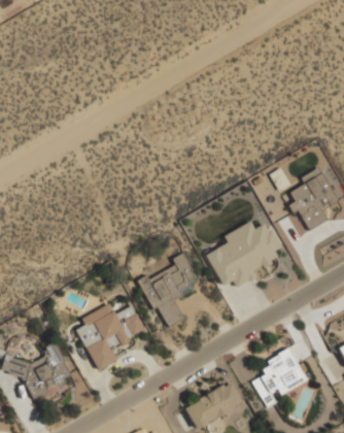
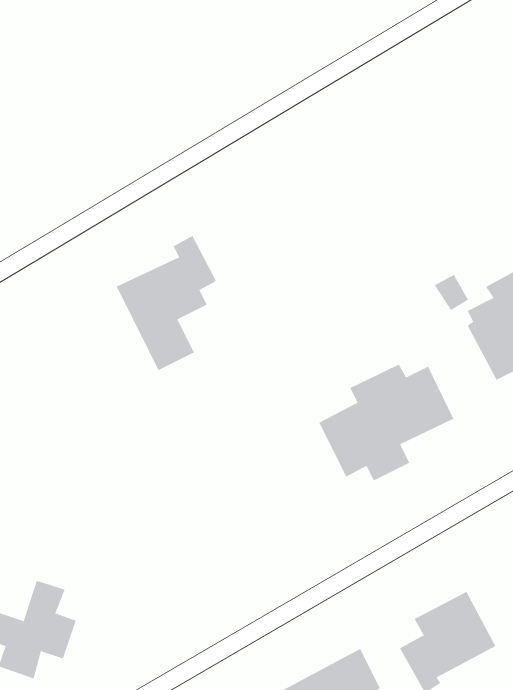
building: [141,253,198,329] -> [116,235,217,371]
building: [77,303,146,371] -> none

